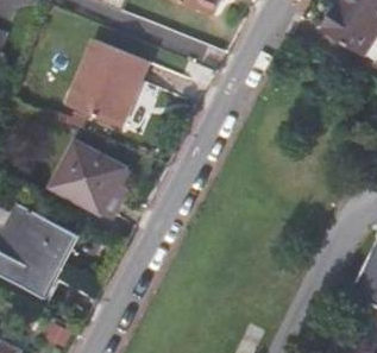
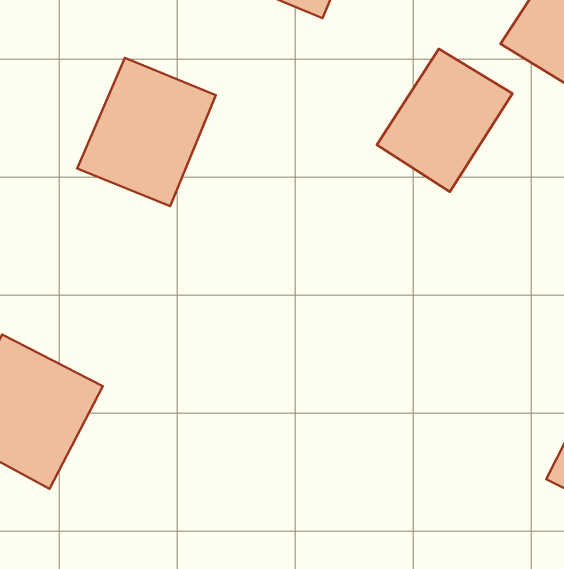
building: none -> [377,49,513,192]
building: [52,144,128,220] -> none

